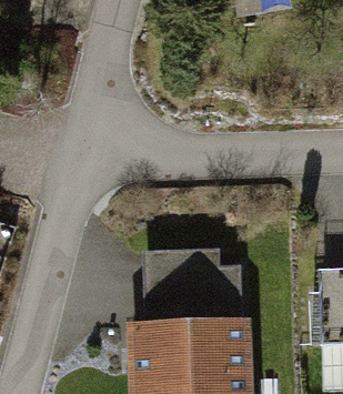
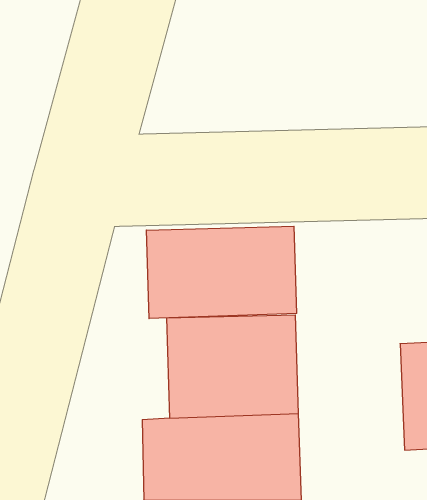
building: none -> [146,226,297,319]

